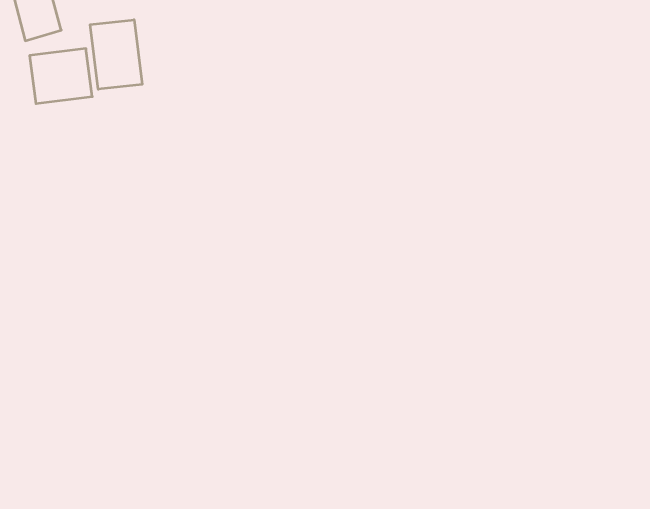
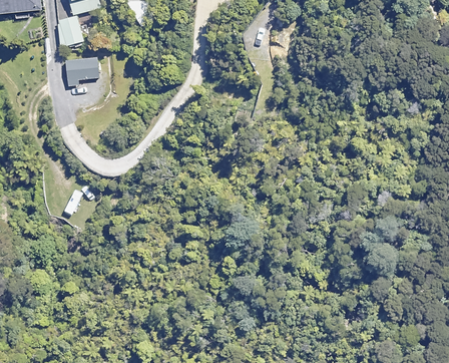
building: [90,20,142,89] -> none

